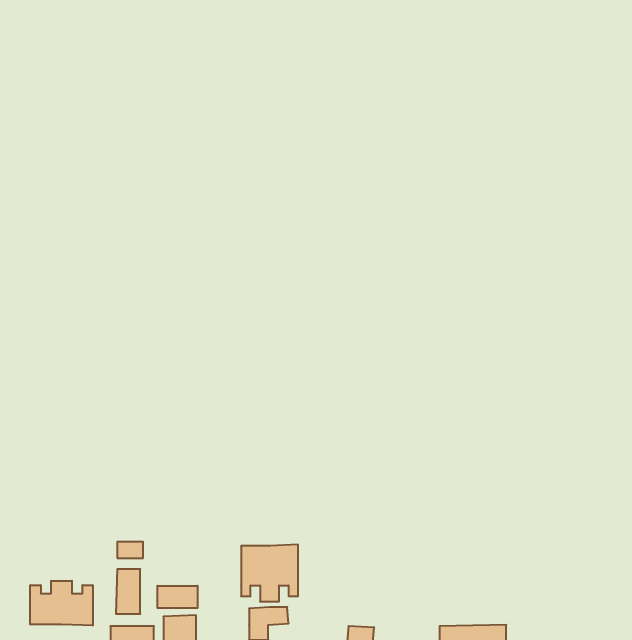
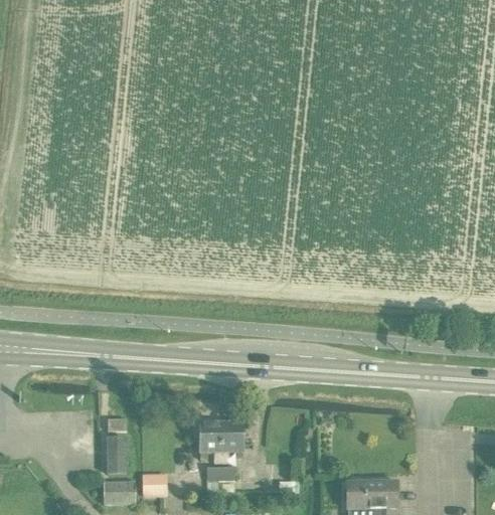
building: [30,581,93,626] -> none
building: [157,586,198,608] -> none

